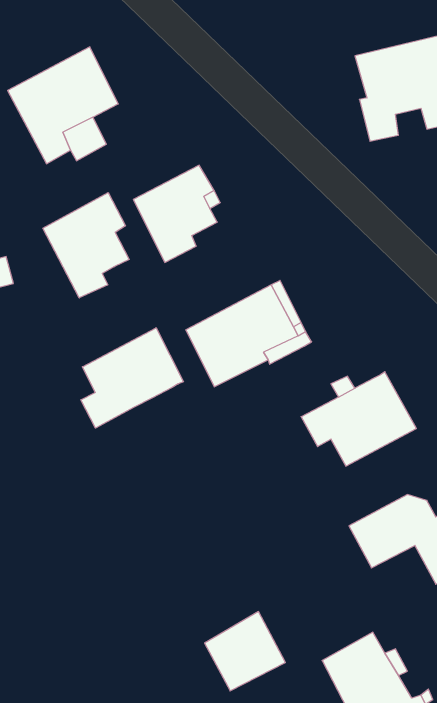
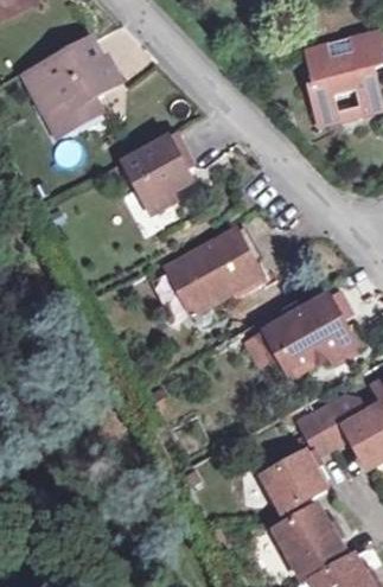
building: [43,193,129,298] -> none
building: [81,328,183,428] -> none
building: [205,612,285,691] -> [262,449,326,512]

